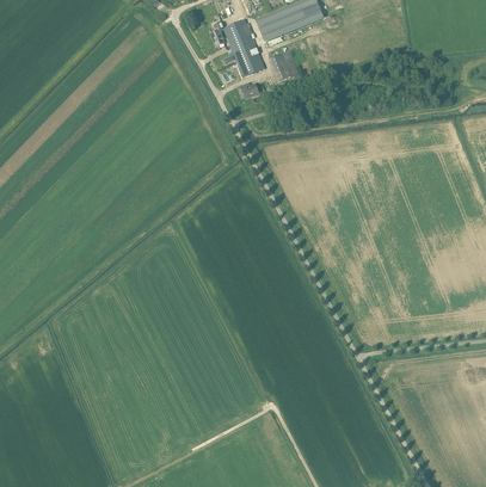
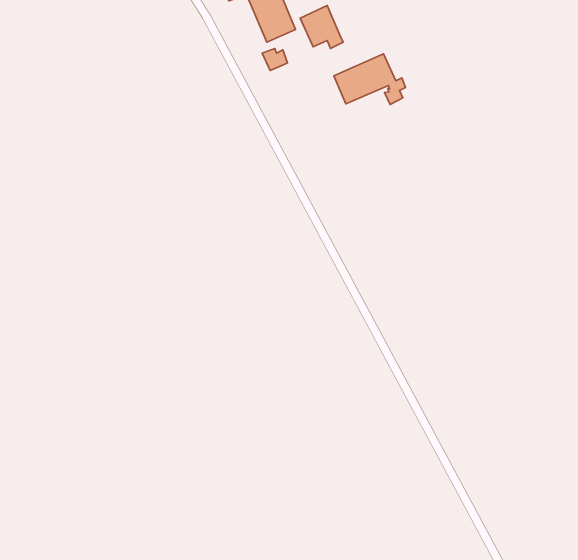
building: none -> [334,54,405,104]

